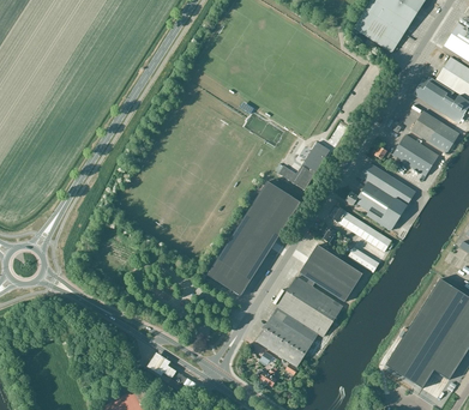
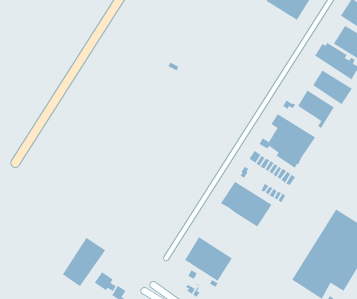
building: [275,141,329,189] -> none
building: [208,182,300,295] -> none
building: [273,277,342,338] -> none
building: none -> [62,237,106,287]

